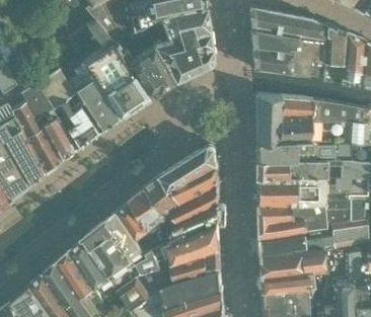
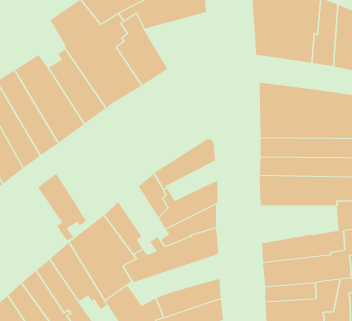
building: [153,30,213,81] -> none
building: [172,162,219,199] -> none
building: [130,186,174,247] -> [37,173,87,241]
building: [256,204,326,237] -> none
building: [138,247,221,293] -> none

